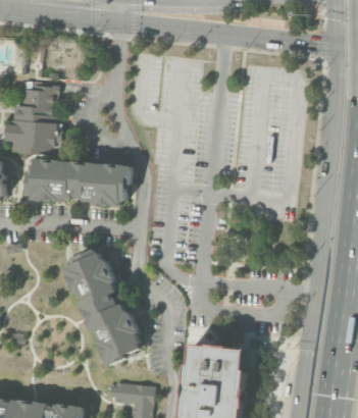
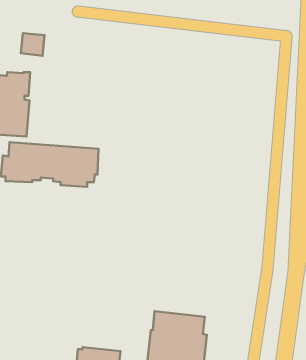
building: [62,250,139,369] -> none

